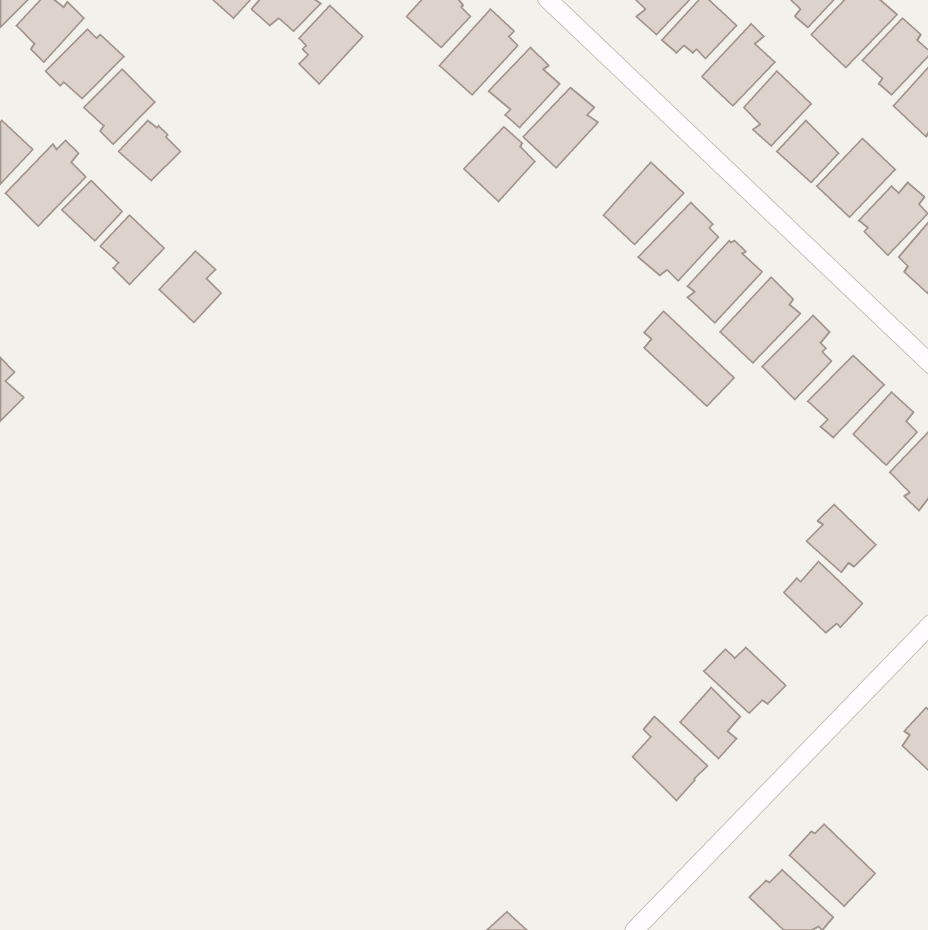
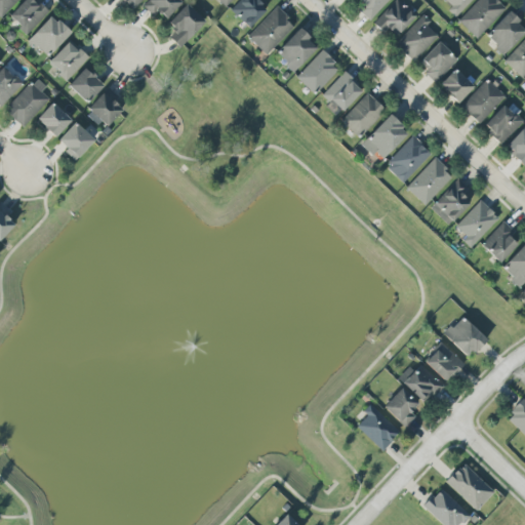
building: [464,127,535,202] -> [322,71,362,113]
building: [159,251,221,322] -> [88,86,123,126]
building: [644,311,734,406] -> none
building: [807,505,876,572] -> [426,341,465,379]

